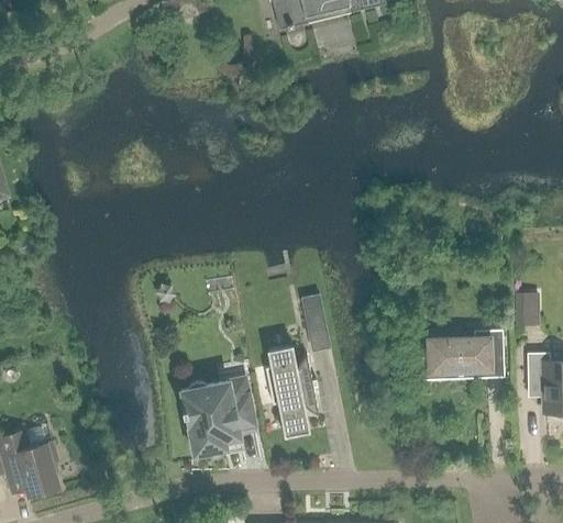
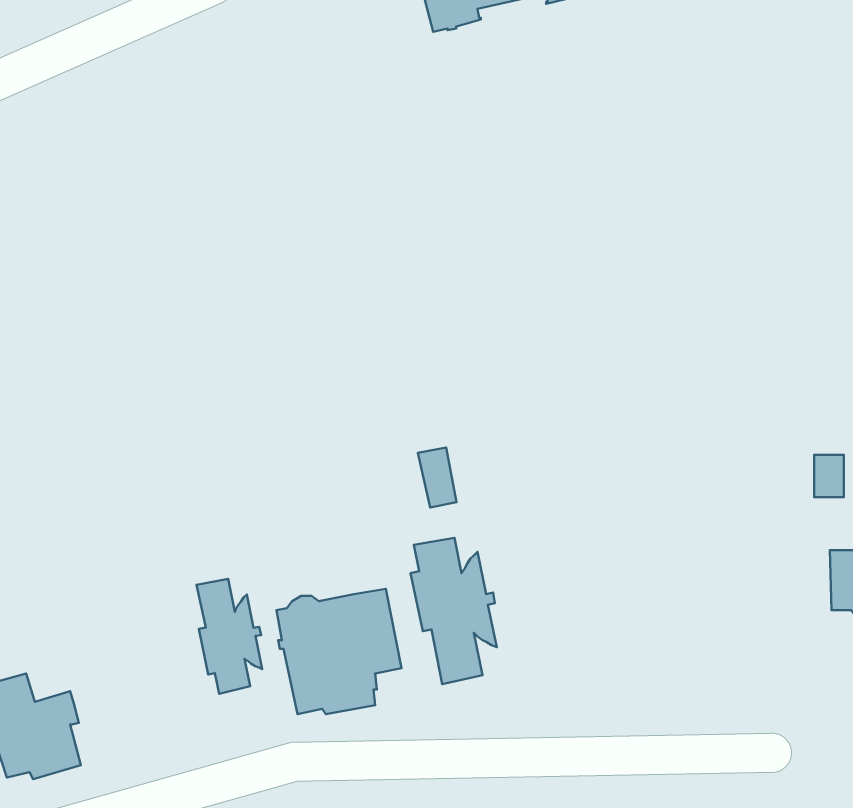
building: [303,296,328,333] -> [418,447,457,507]
building: [417,330,504,402] -> none
building: none -> [197,579,262,694]

